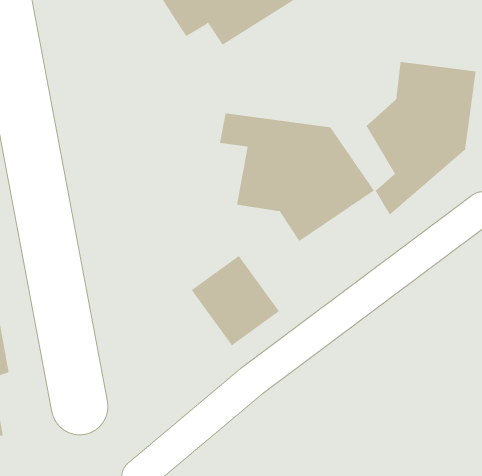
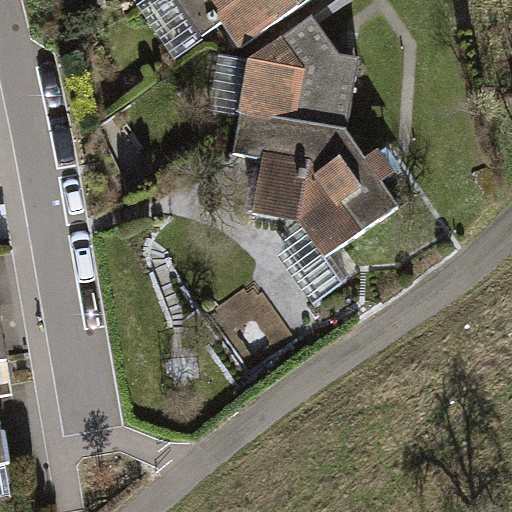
building: none -> [237,15,358,134]
building: [366,61,476,215] -> none

